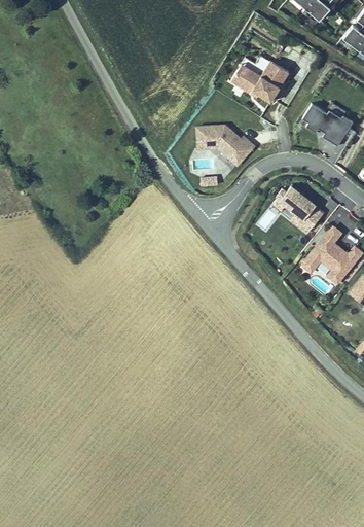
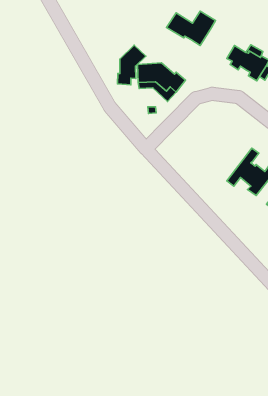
building: none -> [118,45,146,85]
building: [271,184,324,234] -> none

